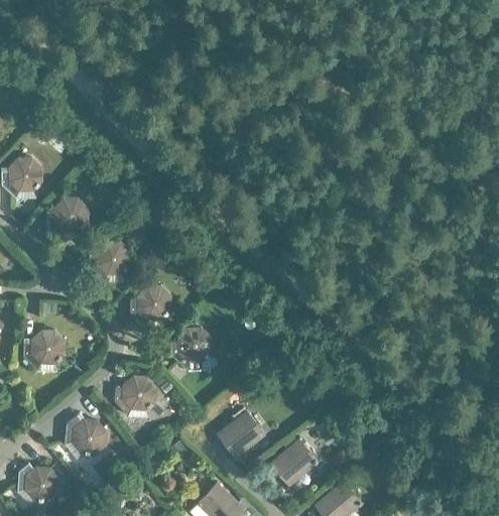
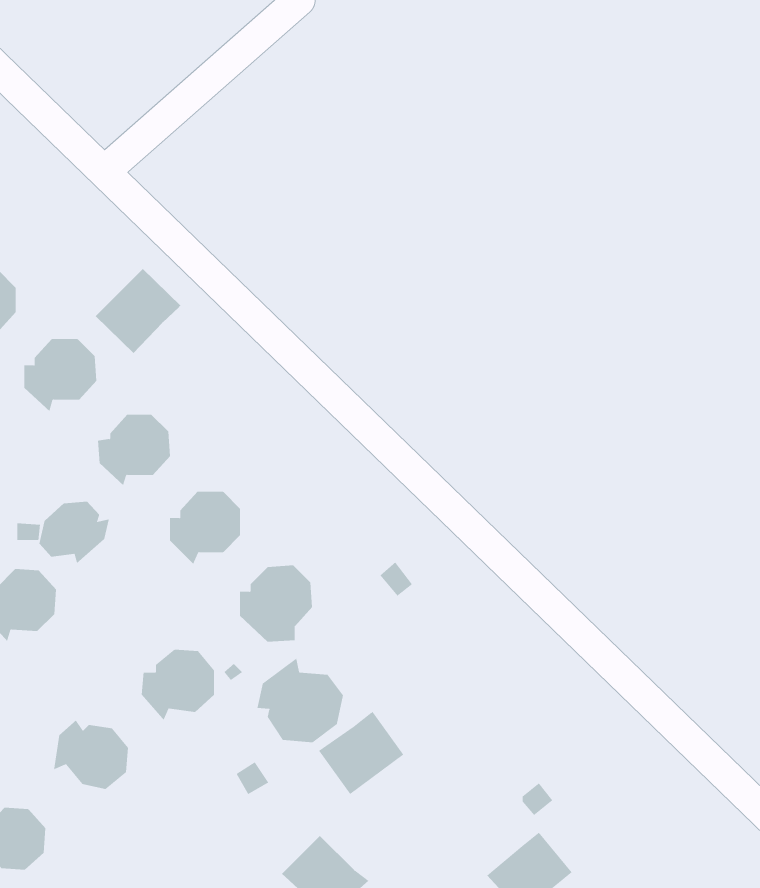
building: none -> [95,268,182,354]
building: none -> [39,501,110,564]
building: none -> [257,657,344,743]
building: [268,437,319,487] -> none

